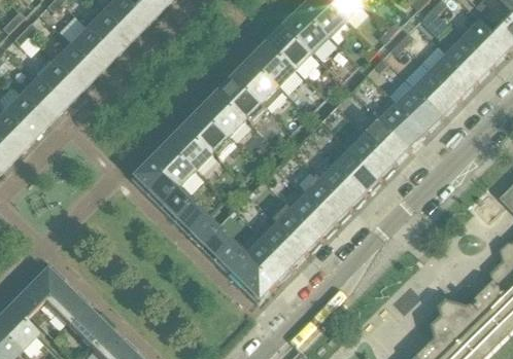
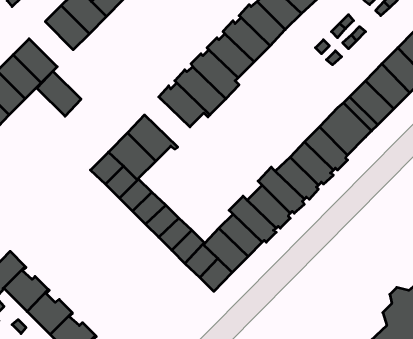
building: [69,26,114,72] -> [37,71,81,116]
building: [185,105,235,154] -> none

